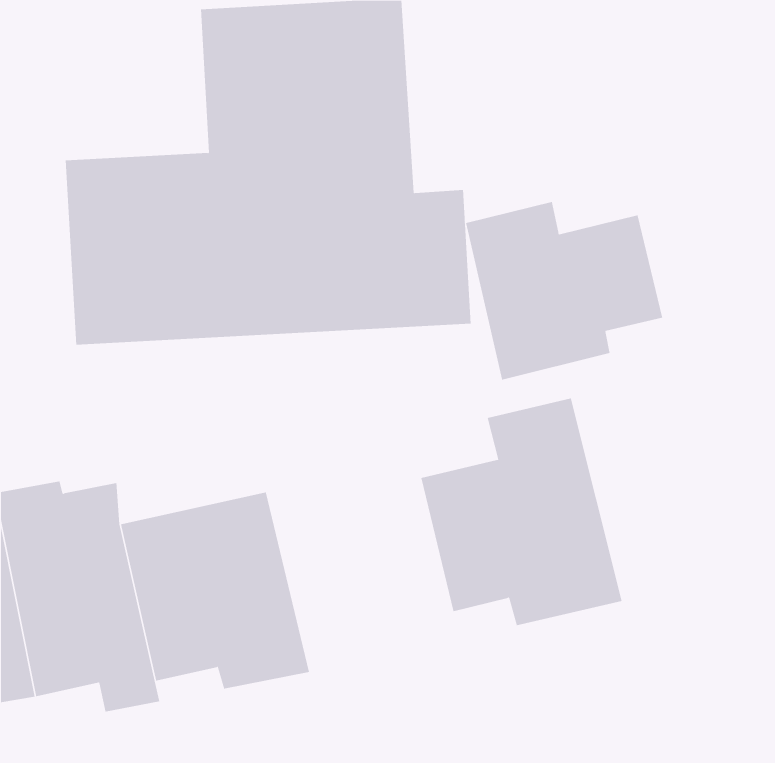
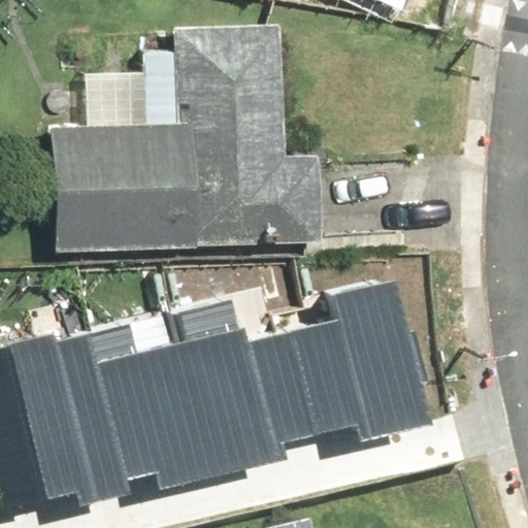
building: [466,201,663,380] -> none
building: none -> [180,306,311,466]

